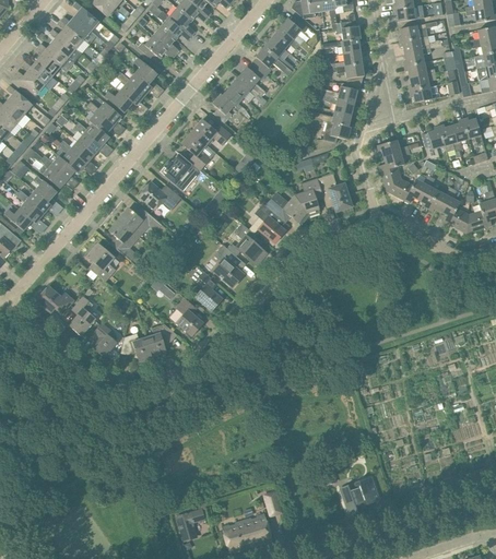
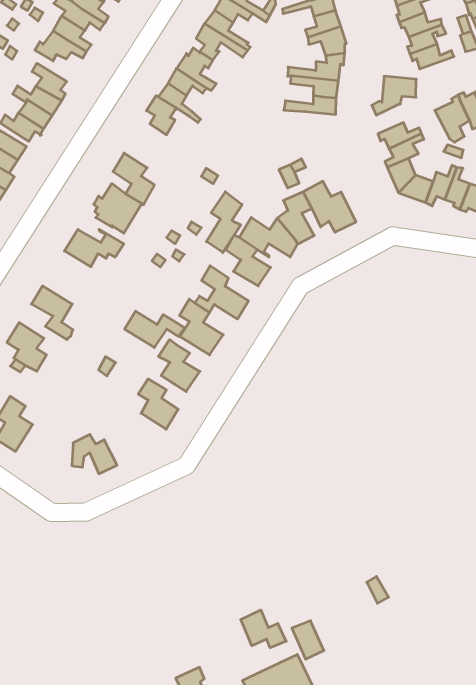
building: [191,119,231,144] -> none
building: [315,120,350,147] -> [372,76,416,115]
building: none -> [206,192,242,253]
building: [118,206,162,235] -> [125,311,185,348]
building: [91,321,117,356] -> none
building: [146,323,177,356] -> none
building: none -> [241,610,286,648]
building: [341,476,379,515] -> none

